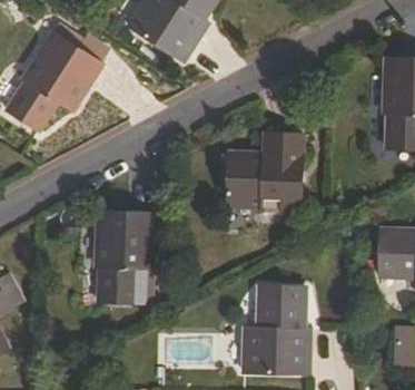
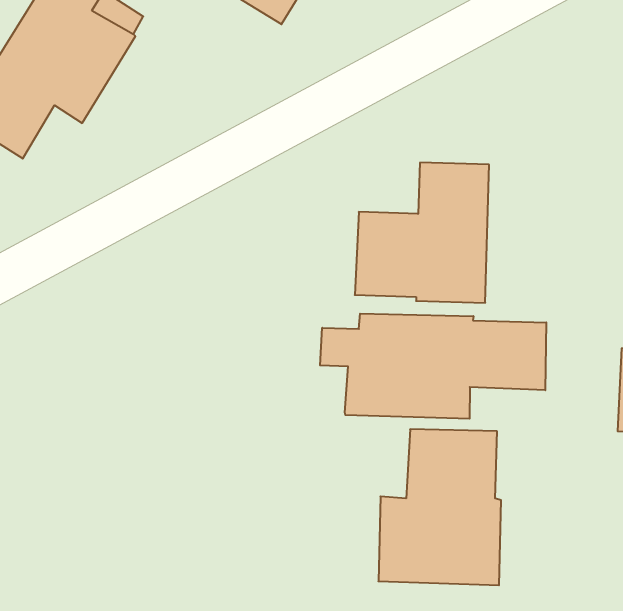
building: [97,212,156,303] -> none
building: none -> [320,314,546,419]

